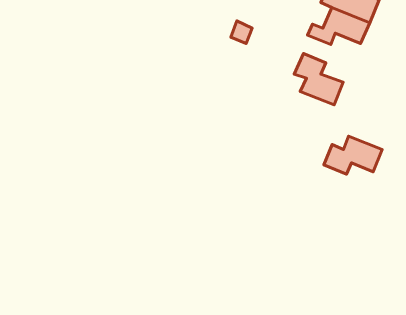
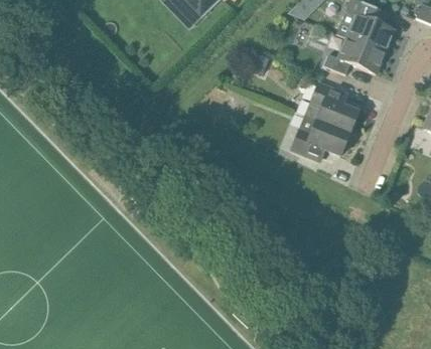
building: [324,136,382,174] -> [291,119,348,156]

